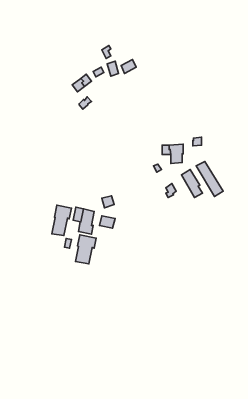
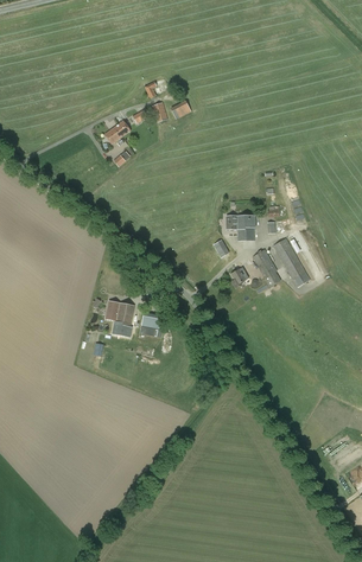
building: [52,205,71,236] -> none
building: [76,235,96,264] -> none

